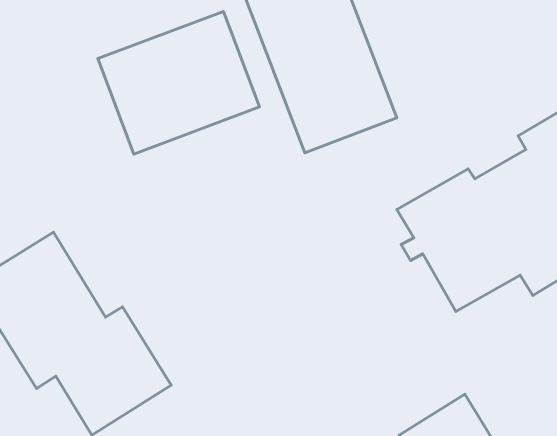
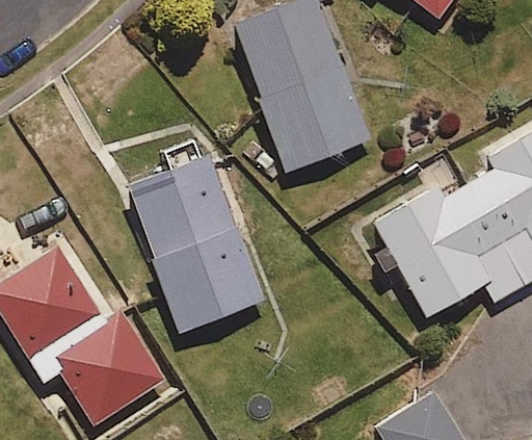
building: [98,11,259,154] -> none
building: none -> [125,151,264,332]

